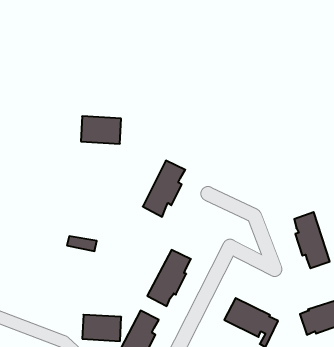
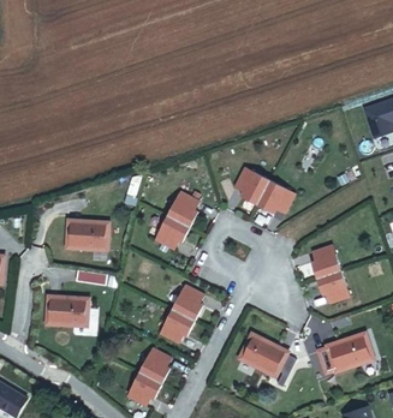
building: [81,116,121,144] -> [67,219,109,247]
building: none -> [237,166,298,213]
building: [82,315,121,341] -> [48,297,89,324]

